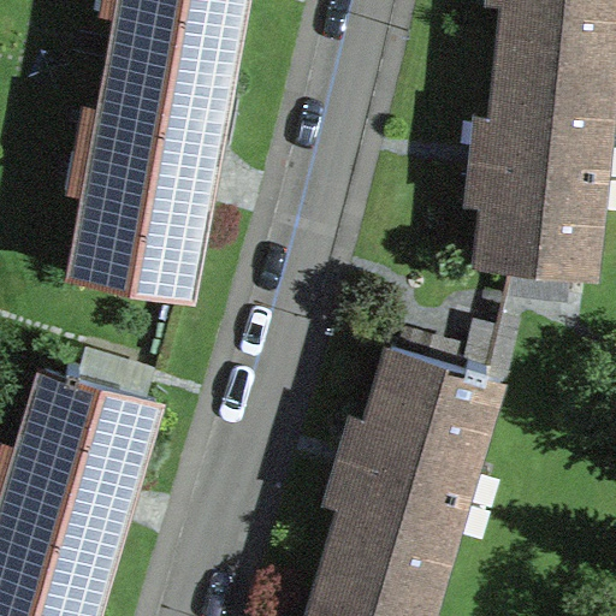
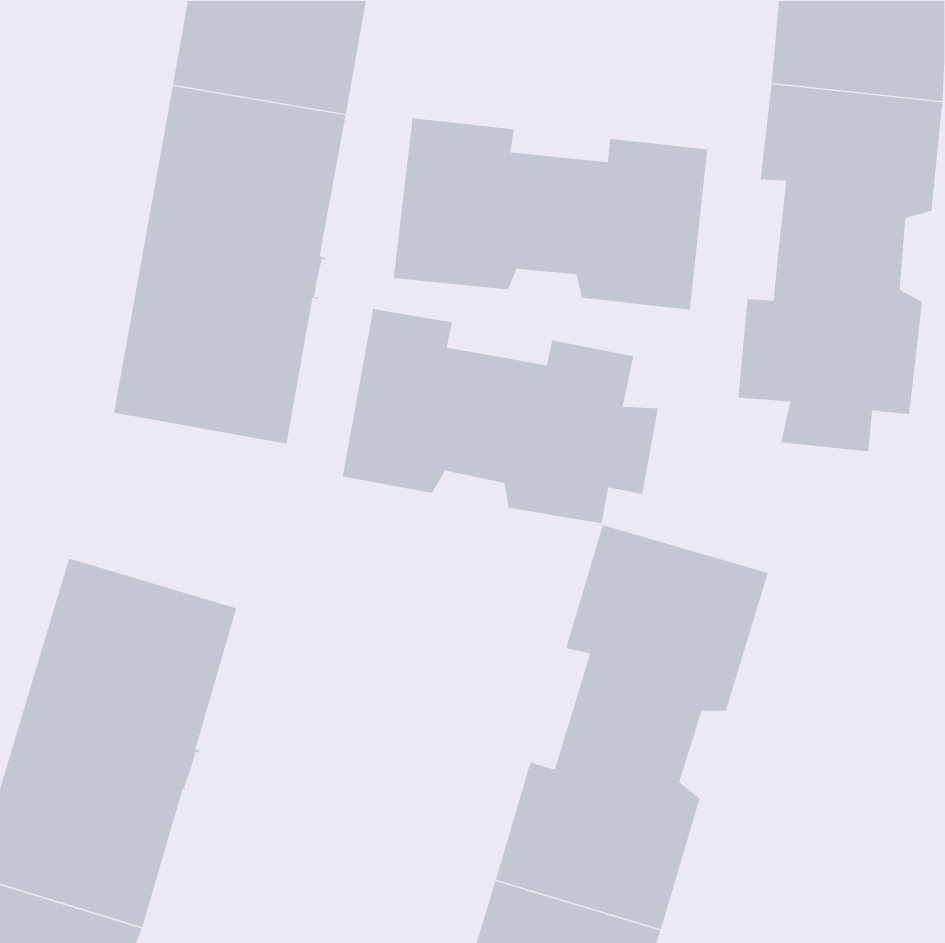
building: none -> [393,118,708,311]
building: none -> [342,308,659,524]

